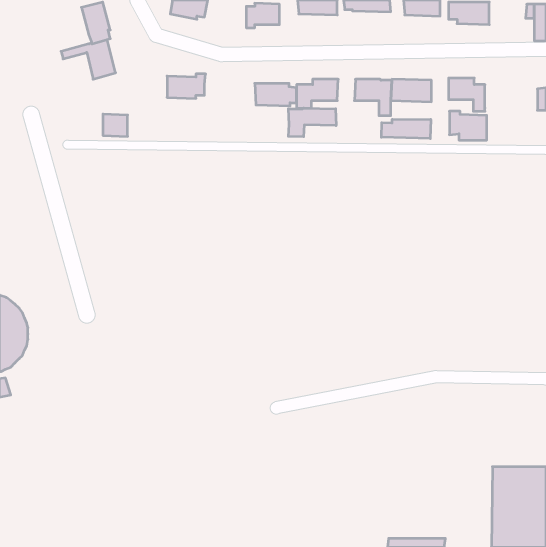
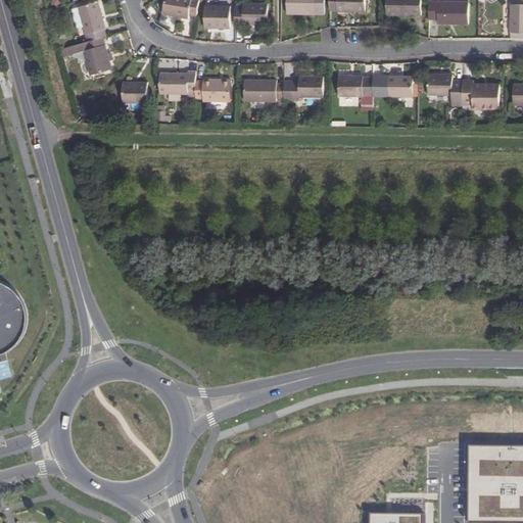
building: none -> [203,7,229,29]
building: none -> [195,80,230,101]
building: [288,108,336,137] -> none
building: [449,111,487,140] -> [463,81,498,108]
building: [103,114,128,136] -> [122,82,145,103]
building: [381,119,431,139] -> none

